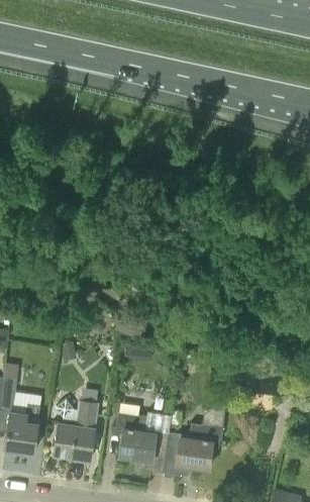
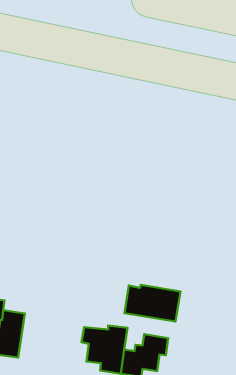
building: none -> [125,285,180,321]
building: [54,400,97,460] -> none

